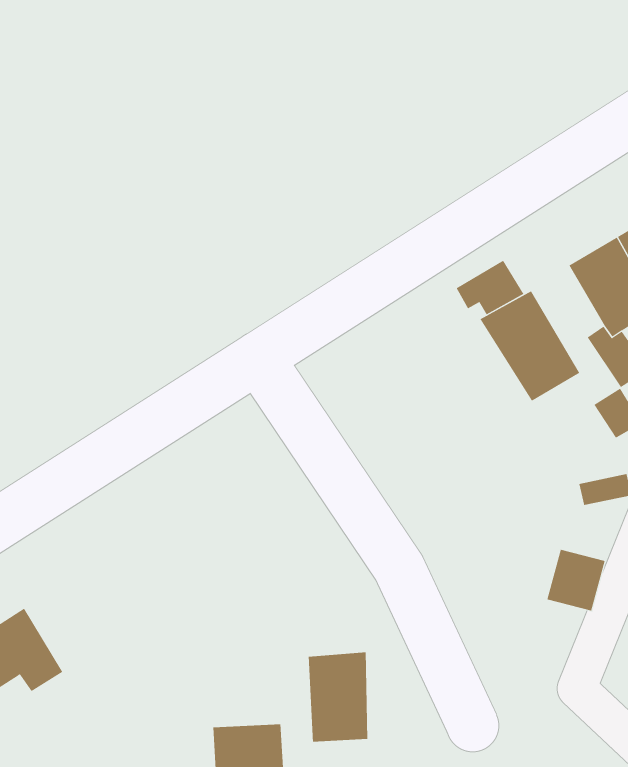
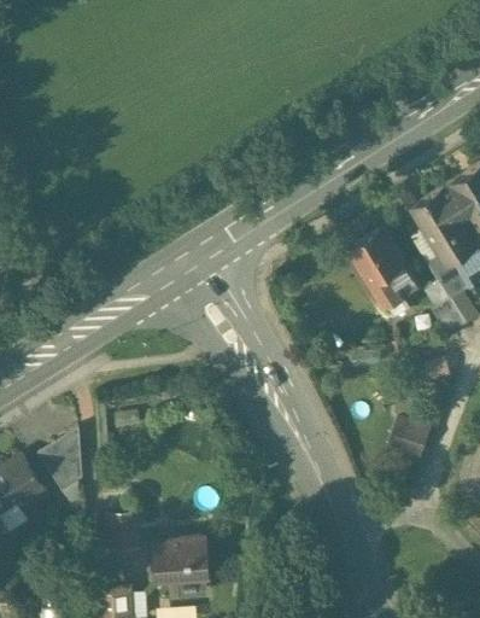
building: [456,260,524,315] -> none
building: none -> [36,435,82,495]
building: [308,651,368,743] -> none

